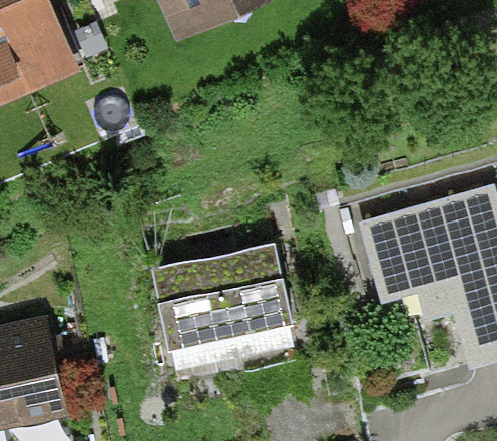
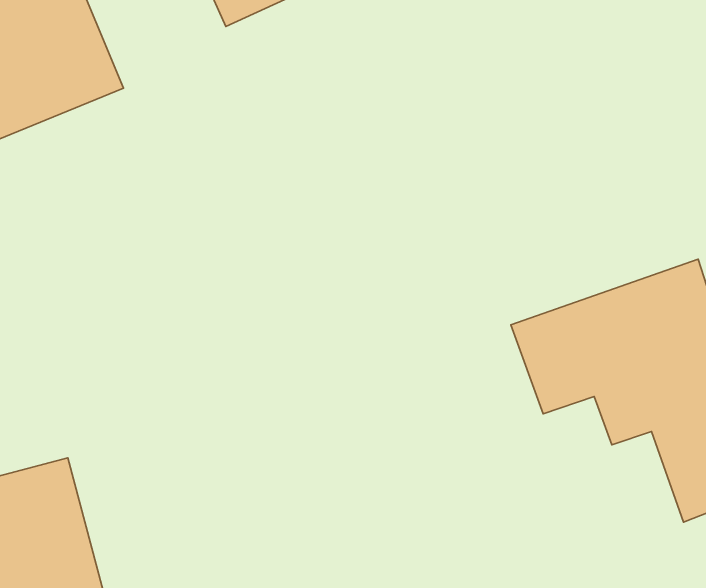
building: [153,240,305,371] -> none

